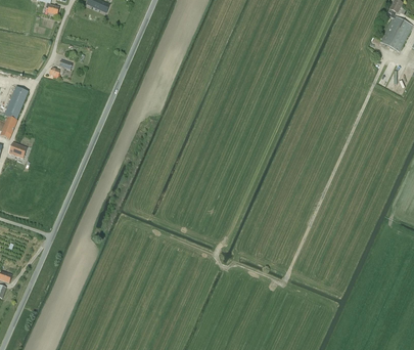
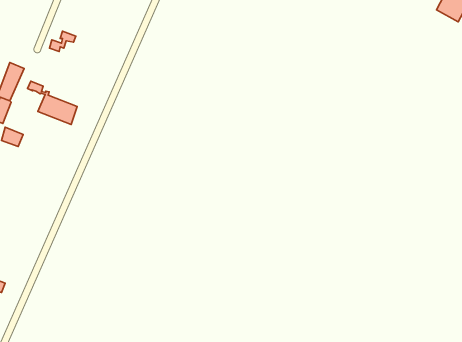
building: none -> [28,81,77,124]

